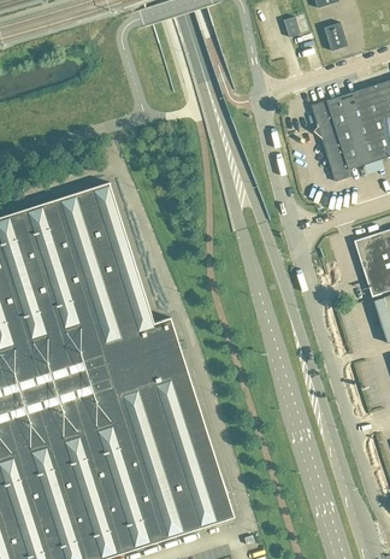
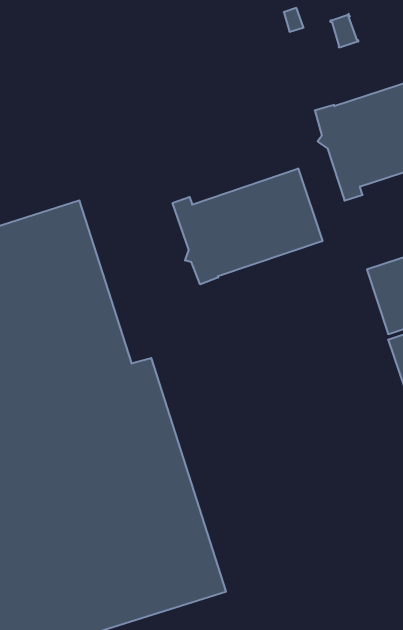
building: none -> [173,168,322,284]

